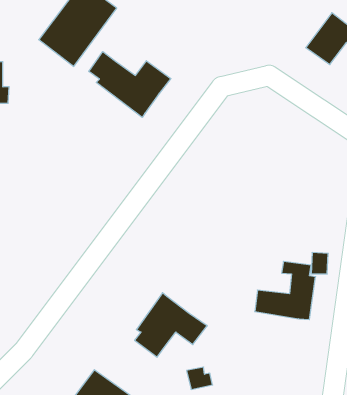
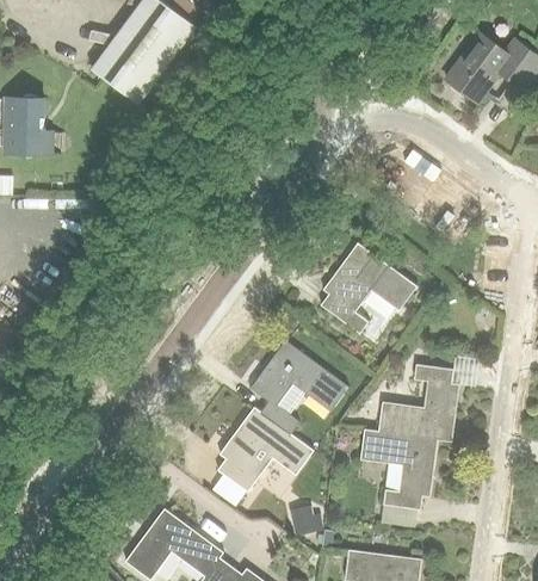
building: [89,52,171,117] -> none
building: none -> [320,242,416,333]
building: none -> [249,340,347,433]
building: none -> [359,428,435,509]

